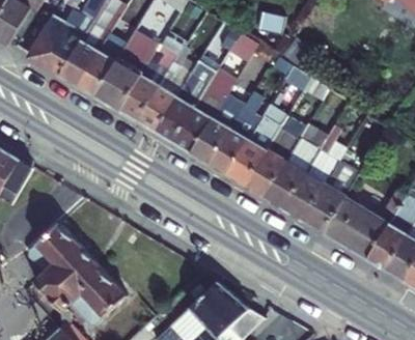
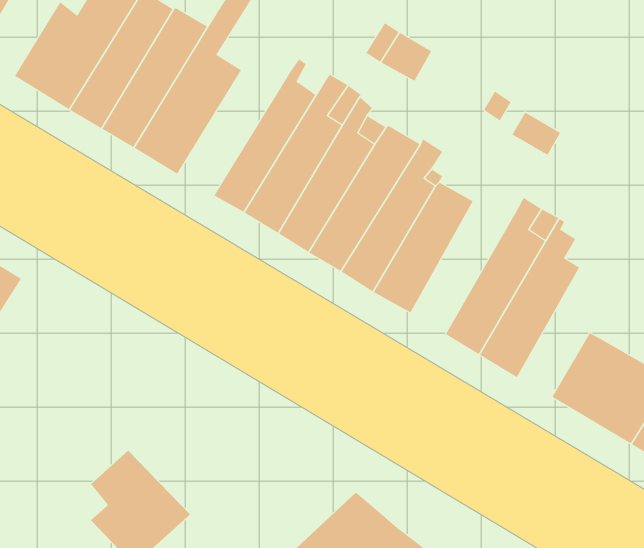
building: [118,30,179,122] -> none
building: [246,118,304,198] -> none
building: [304,157,360,232] -> none
building: [28,226,91,308] -> none

